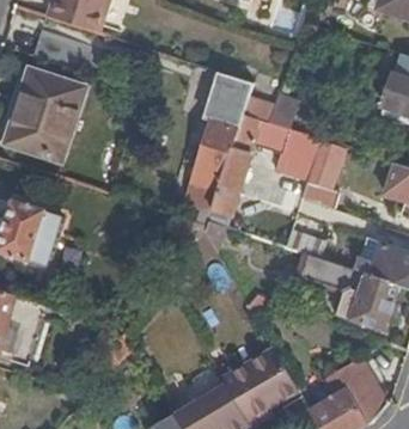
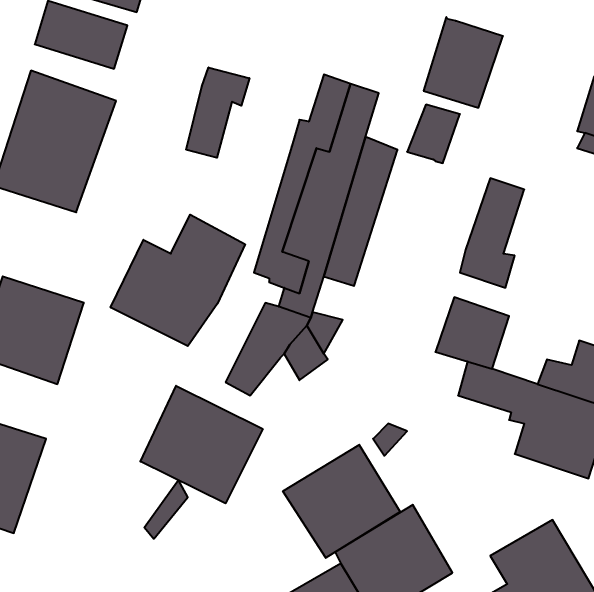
building: none -> [186,67,249,158]
building: [271,125,322,183] -> [424,17,503,108]
building: none -> [111,215,245,346]
building: none -> [140,386,263,503]
building: none -> [283,445,400,558]

